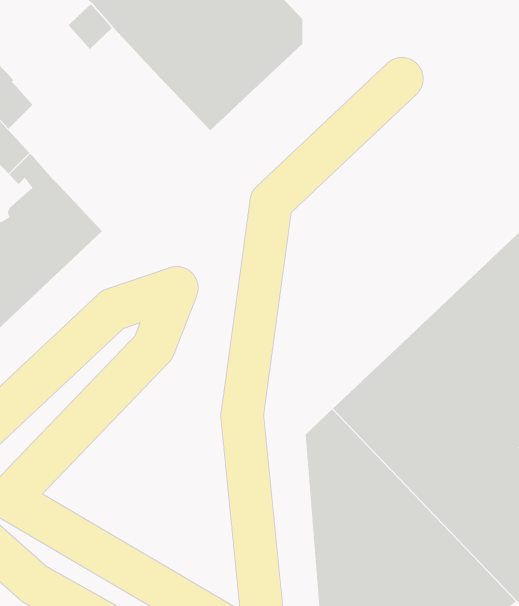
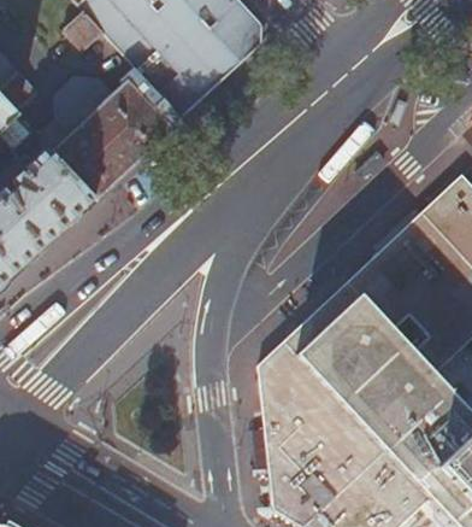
building: none -> [37,65,183,198]

